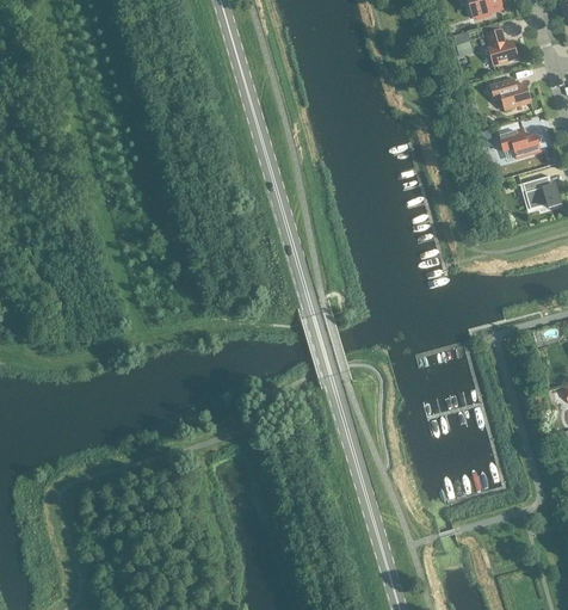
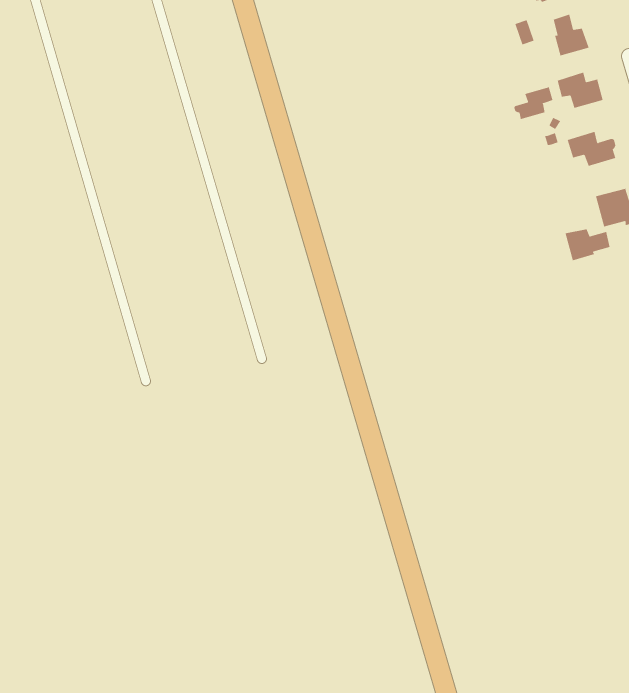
building: none -> [514,87,553,120]
building: none -> [565,228,610,261]

